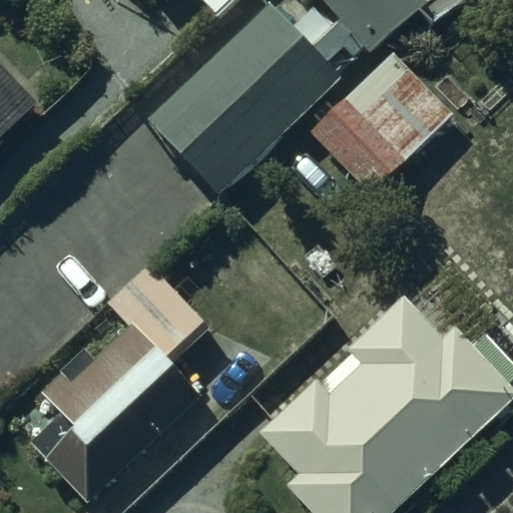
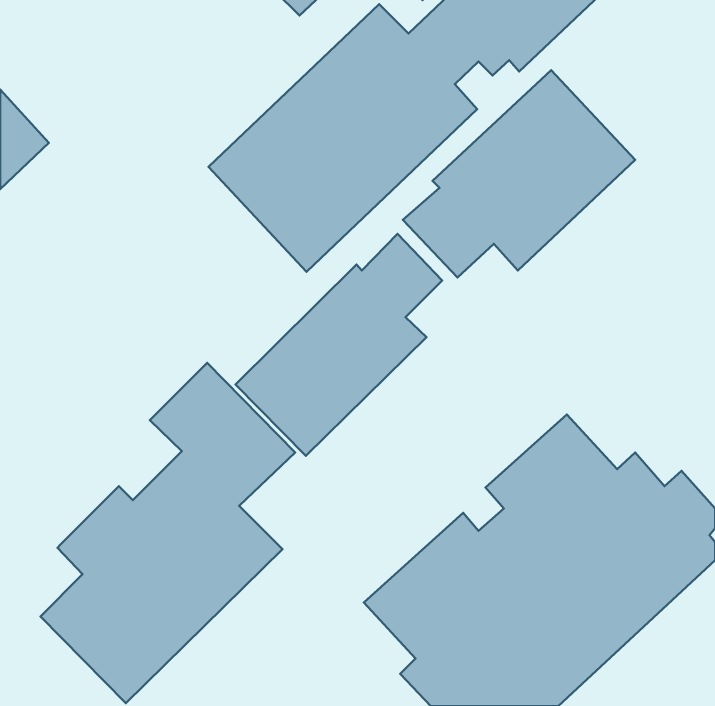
building: none -> [236,234,442,456]

